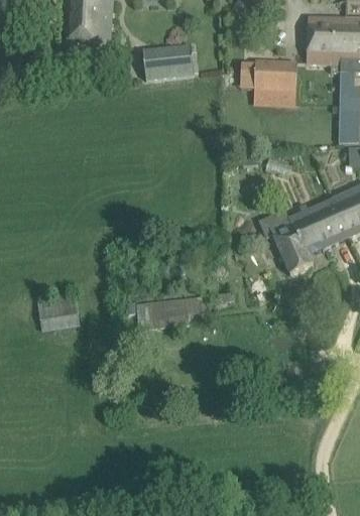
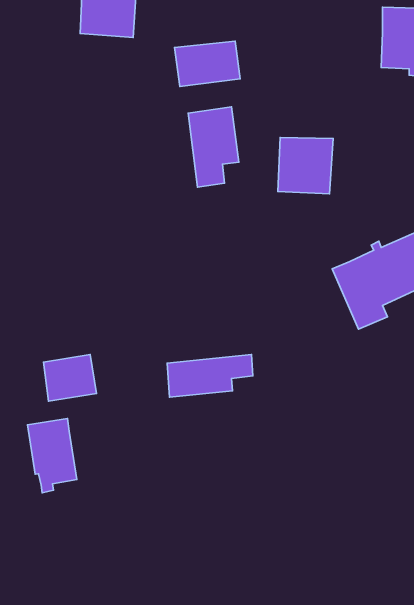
building: [252,59,296,105] -> [278,137,333,194]
building: none -> [188,107,239,187]
building: none -> [27,418,77,493]

